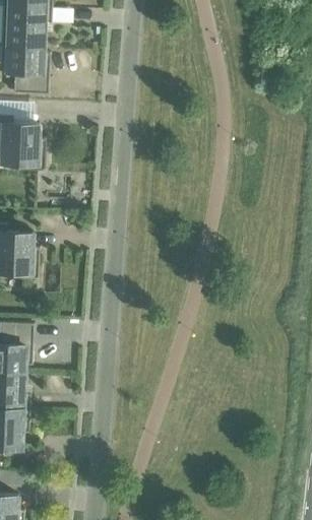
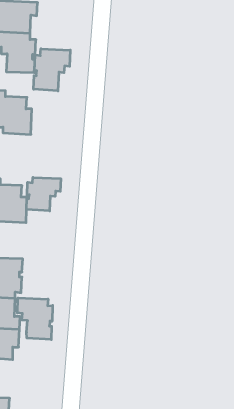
building: none -> [34,49,70,91]
building: none -> [26,177,61,211]
building: none -> [17,298,53,340]

